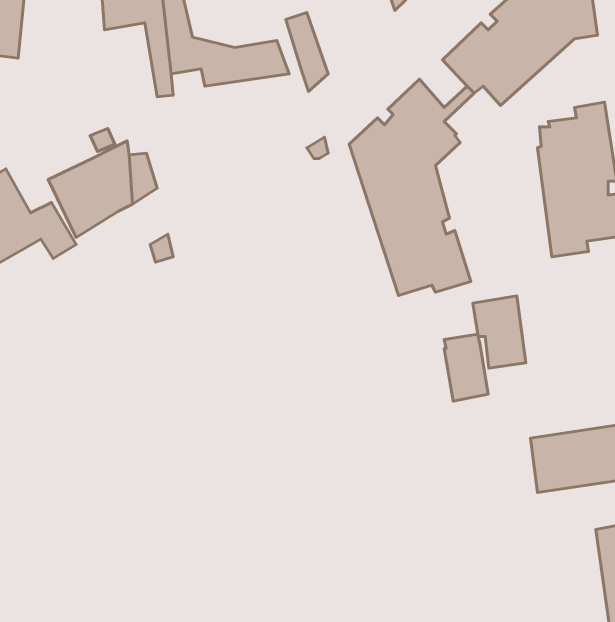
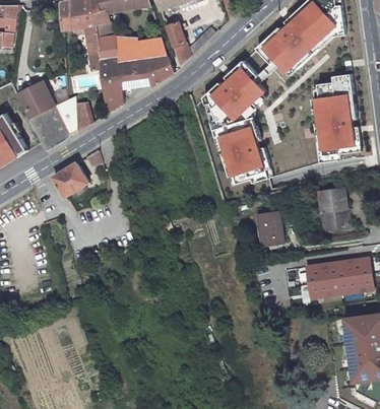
building: none -> [100,54,174,114]
building: none -> [16,81,54,118]
building: none -> [53,162,88,198]
building: [473,296,526,368] -> [318,188,349,229]

